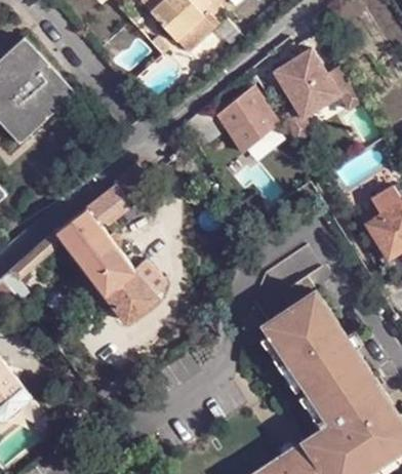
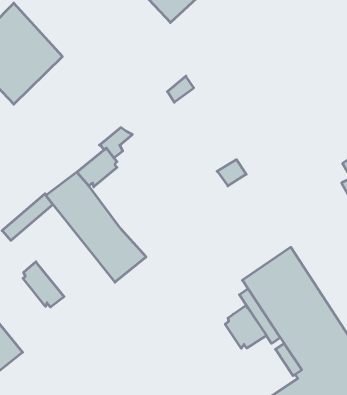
building: [271,46,359,116] -> none
building: [216,89,279,154] -> none
building: none -> [23,262,64,307]
building: none -> [225,305,266,348]

